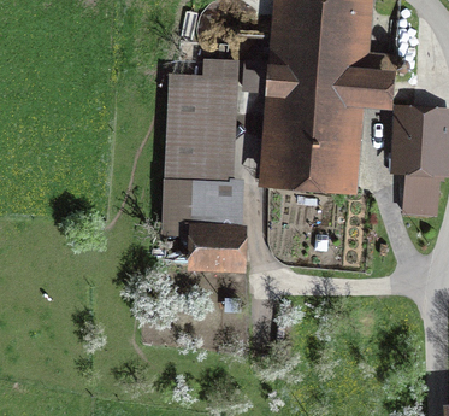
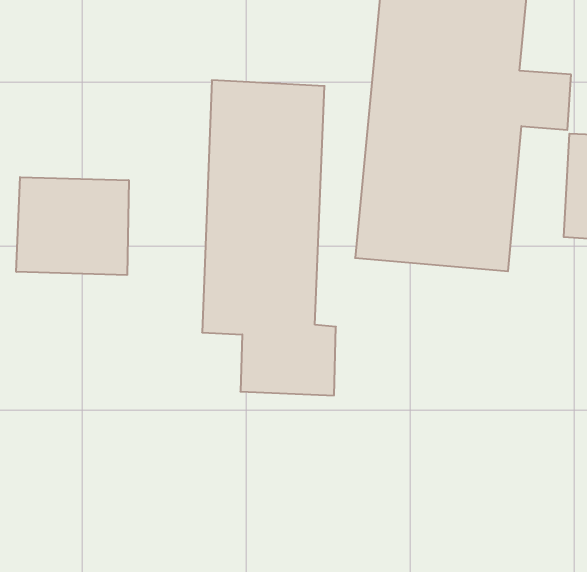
building: none -> [16,177,129,275]

